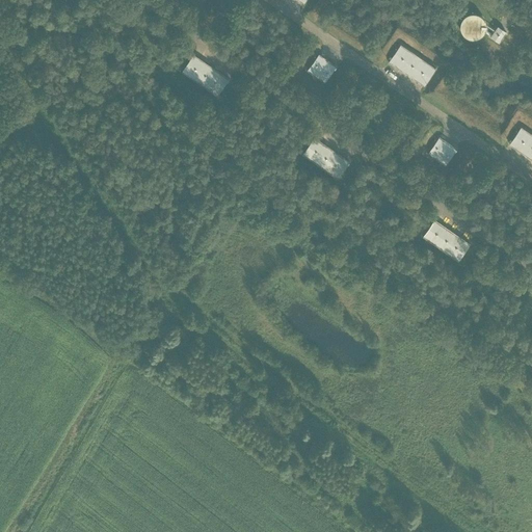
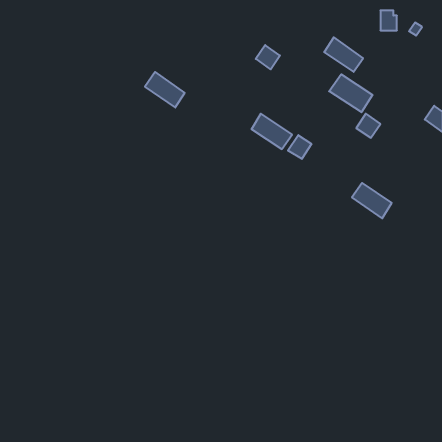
building: [182,55,230,98] -> [145,72,185,108]
building: none -> [329,74,372,112]
building: none -> [288,135,311,159]

